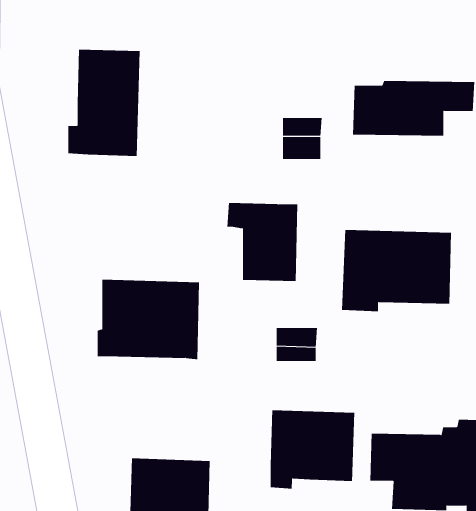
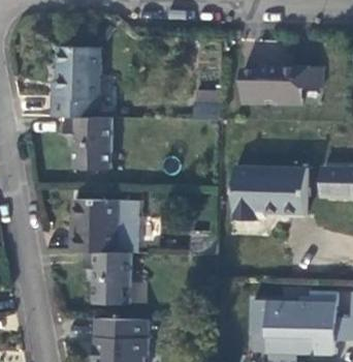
building: [226,202,298,282] -> [64,116,111,169]
building: none -> [84,250,130,303]
building: [270,409,355,489] -> none

